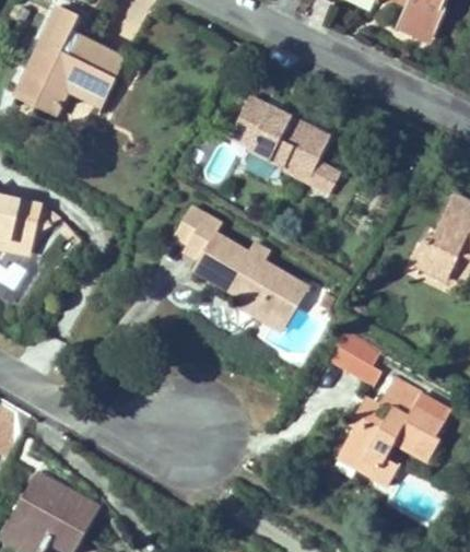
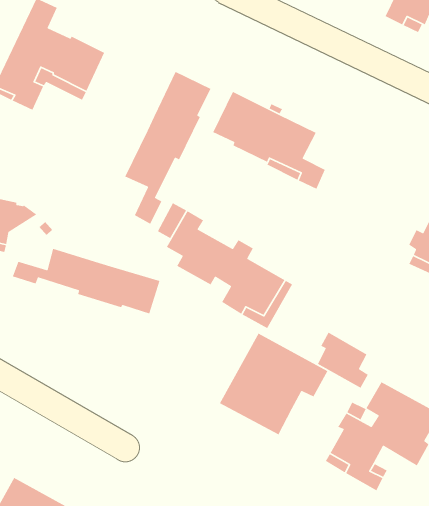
building: none -> [124,71,211,225]
building: none -> [12,248,161,314]
building: none -> [219,333,329,435]

